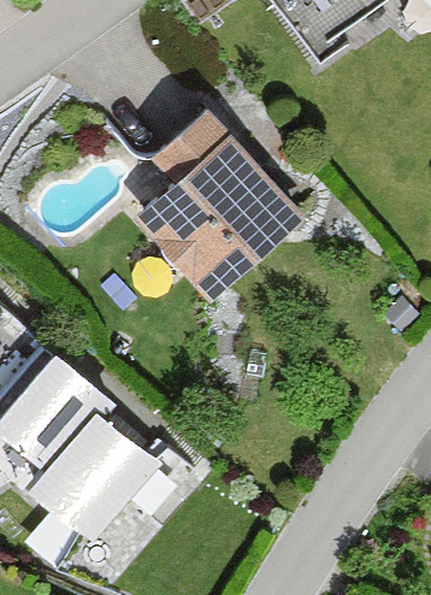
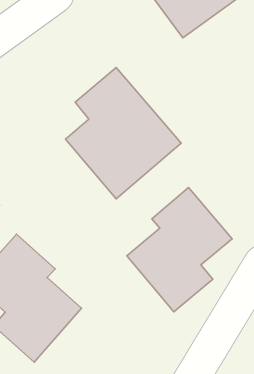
building: none -> [127,188,232,312]

